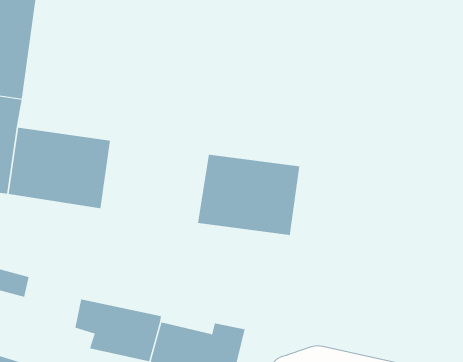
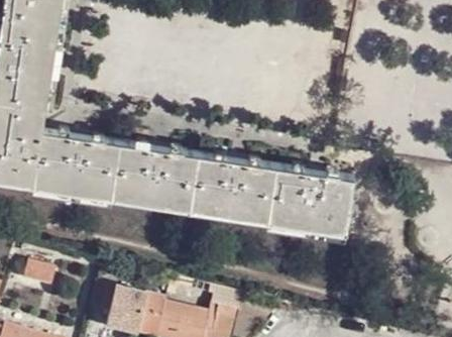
building: none -> [113,149,202,218]
building: none -> [270,171,359,239]

